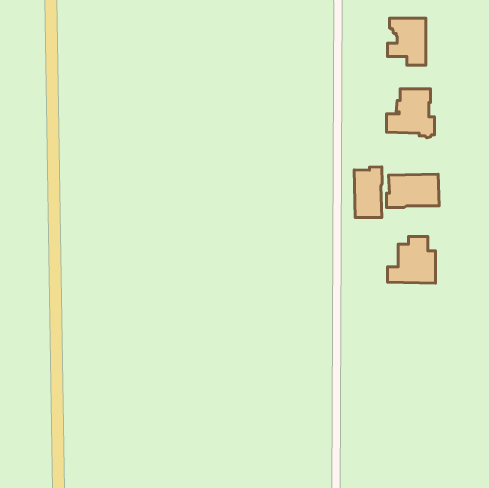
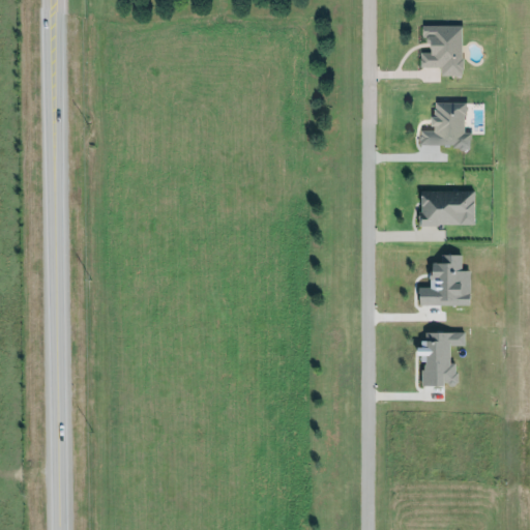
building: [354,167,382,218] -> none
building: none -> [419,331,464,386]

